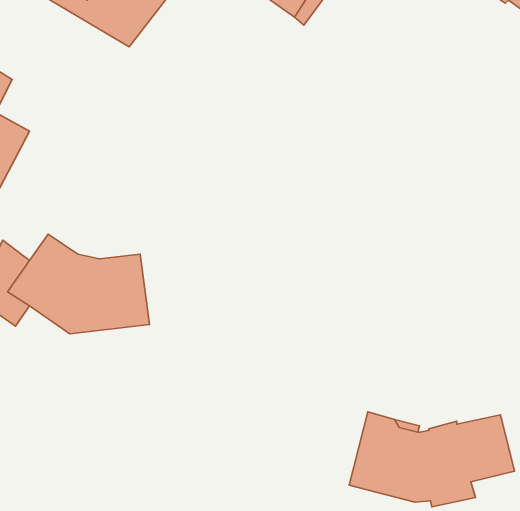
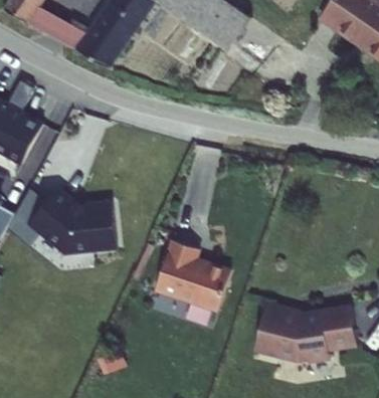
building: none -> [156,240,232,313]

